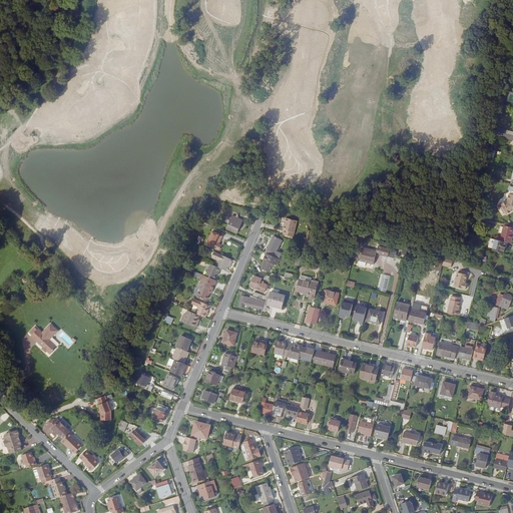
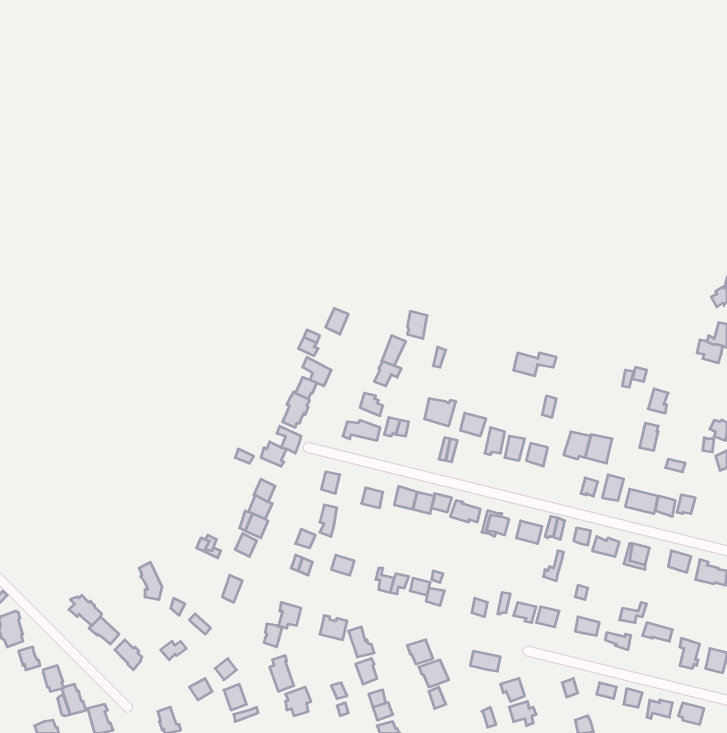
building: [25,325,54,356] -> none

